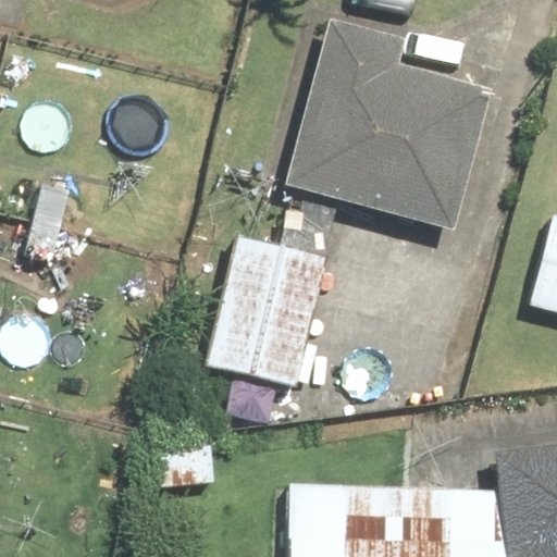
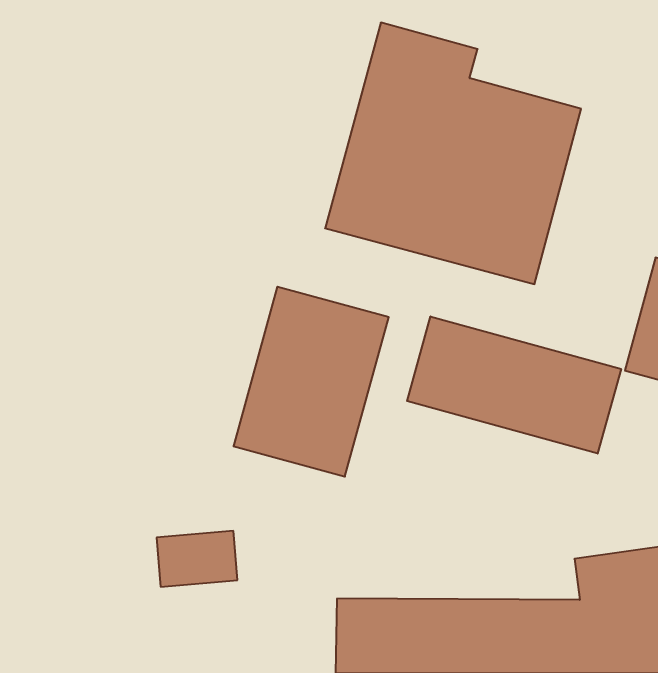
building: none -> [407,316,621,454]

